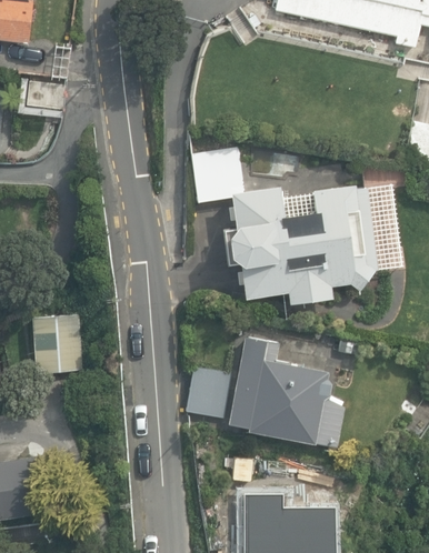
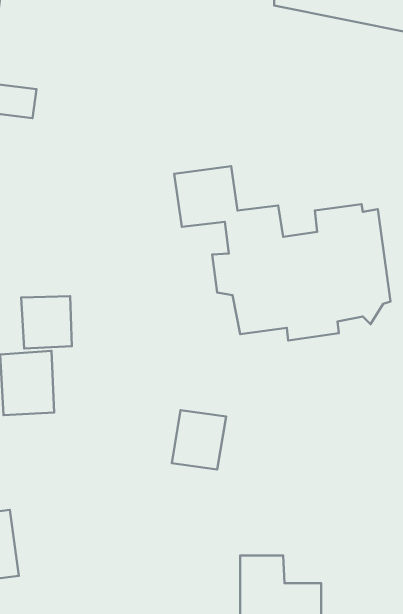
building: none -> [21,296,72,348]
building: [228,335,345,448] -> none

